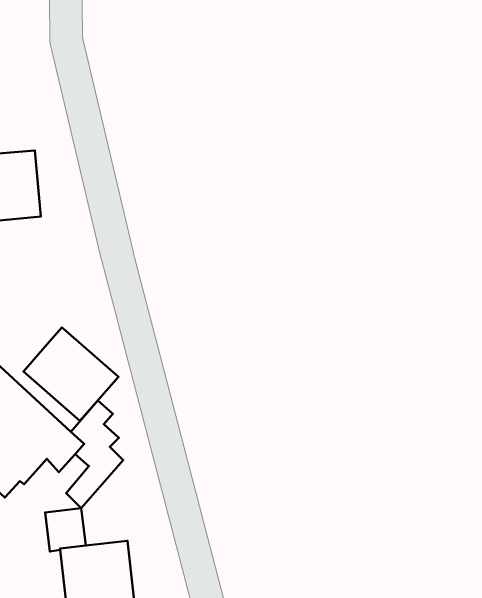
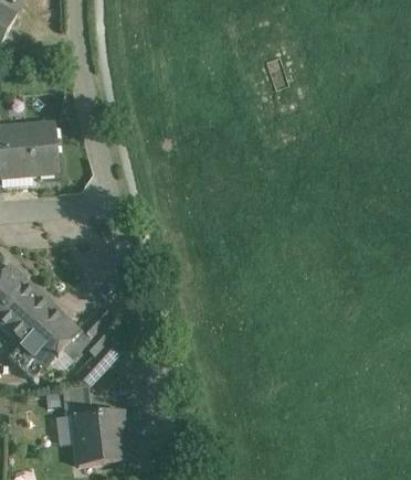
building: [23,328,118,421] -> none

